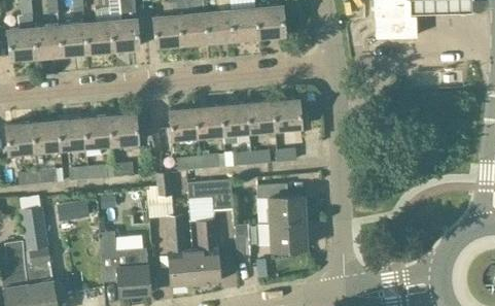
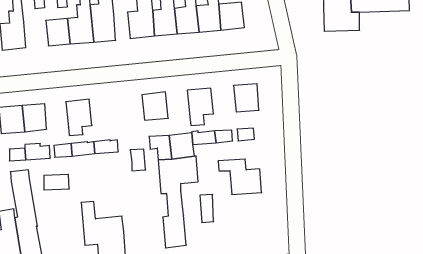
building: [34,27,62,58] -> none
building: [246,101,275,133] -> none
building: [195,106,222,138] -> none
building: [108,114,137,155] -> none
building: [58,120,84,150] -> none
building: [165,216,195,287] -> none
building: [270,223,305,250] -> none

